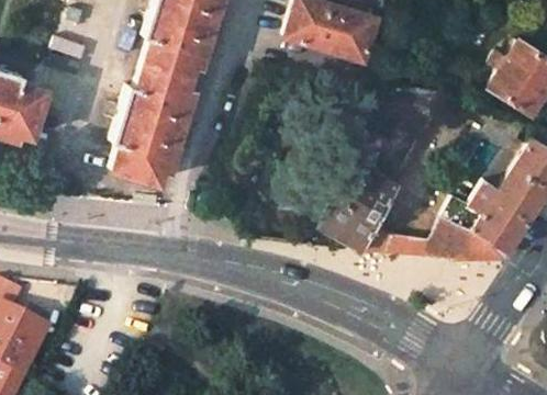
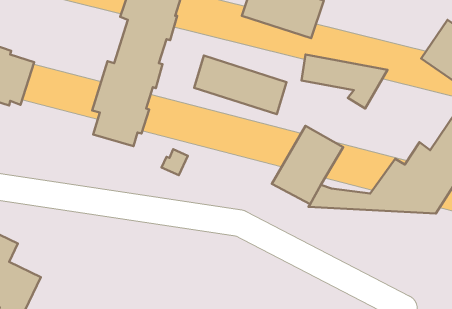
building: none -> [194,56,287,114]

